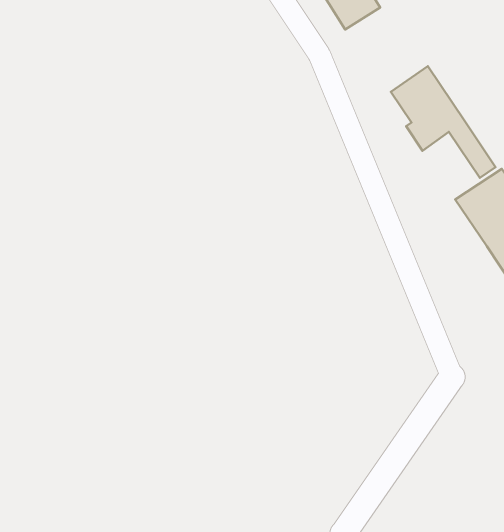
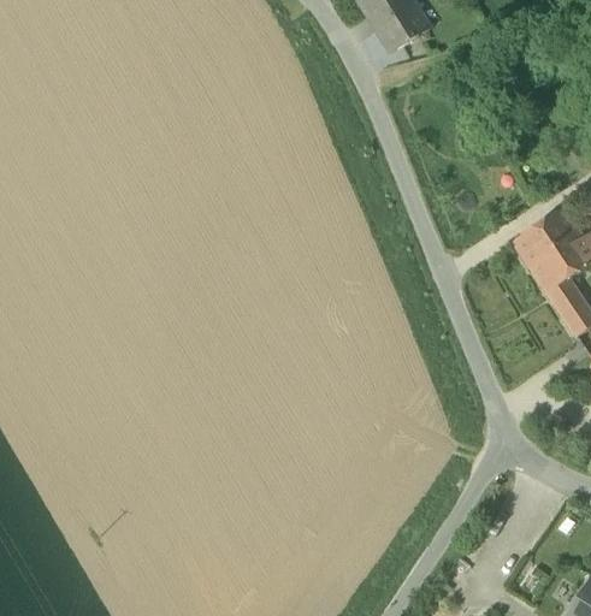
building: [391,66,496,178] -> none

